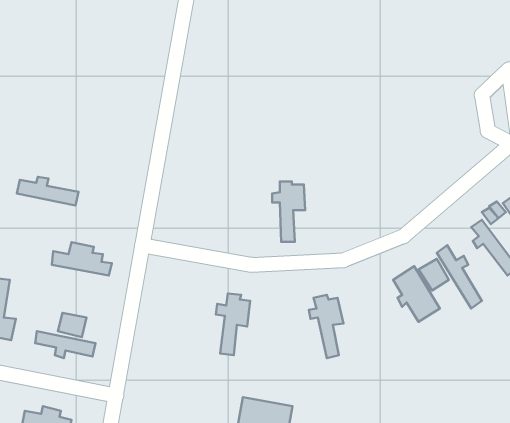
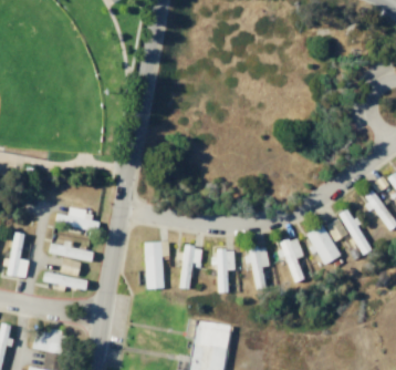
building: [17,177,78,206] -> [49,241,94,263]
building: [272,182,305,242] -> [211,249,236,294]
building: none -> [278,239,305,284]
building: none -> [144,241,169,290]

